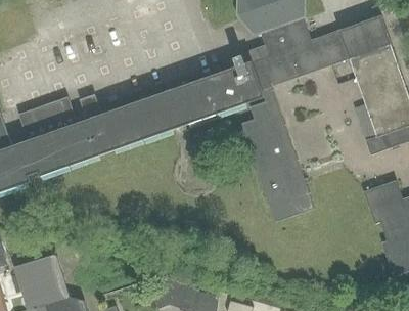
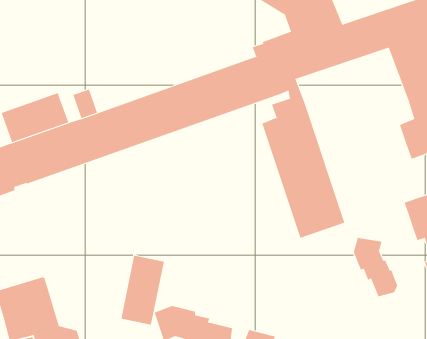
building: none -> [353,237,398,297]
building: none -> [121,255,164,326]

